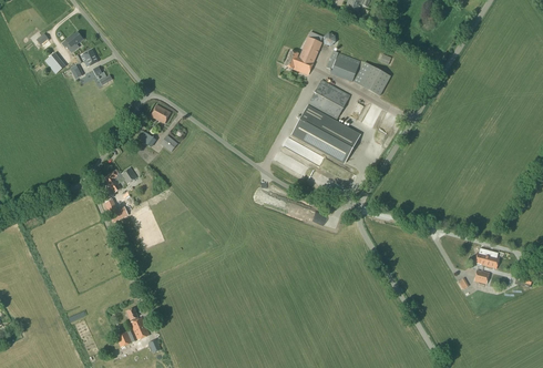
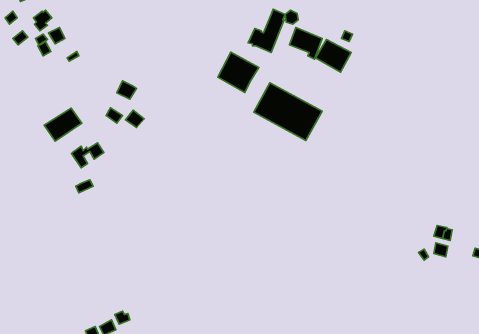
building: [308,80,350,121] -> [218,52,259,92]
building: none -> [44,108,82,141]
building: [116,308,150,347] -> none

